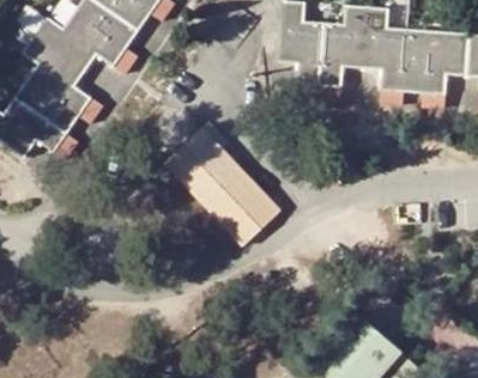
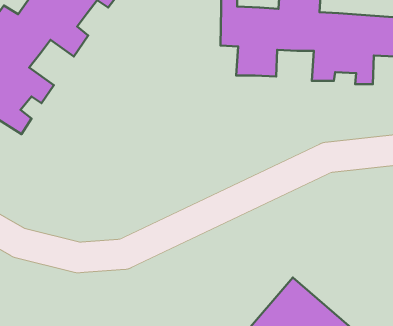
building: [164,127,278,243] -> none

